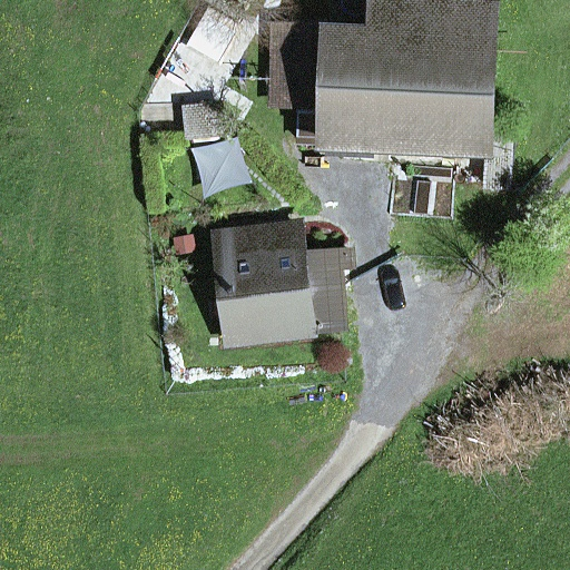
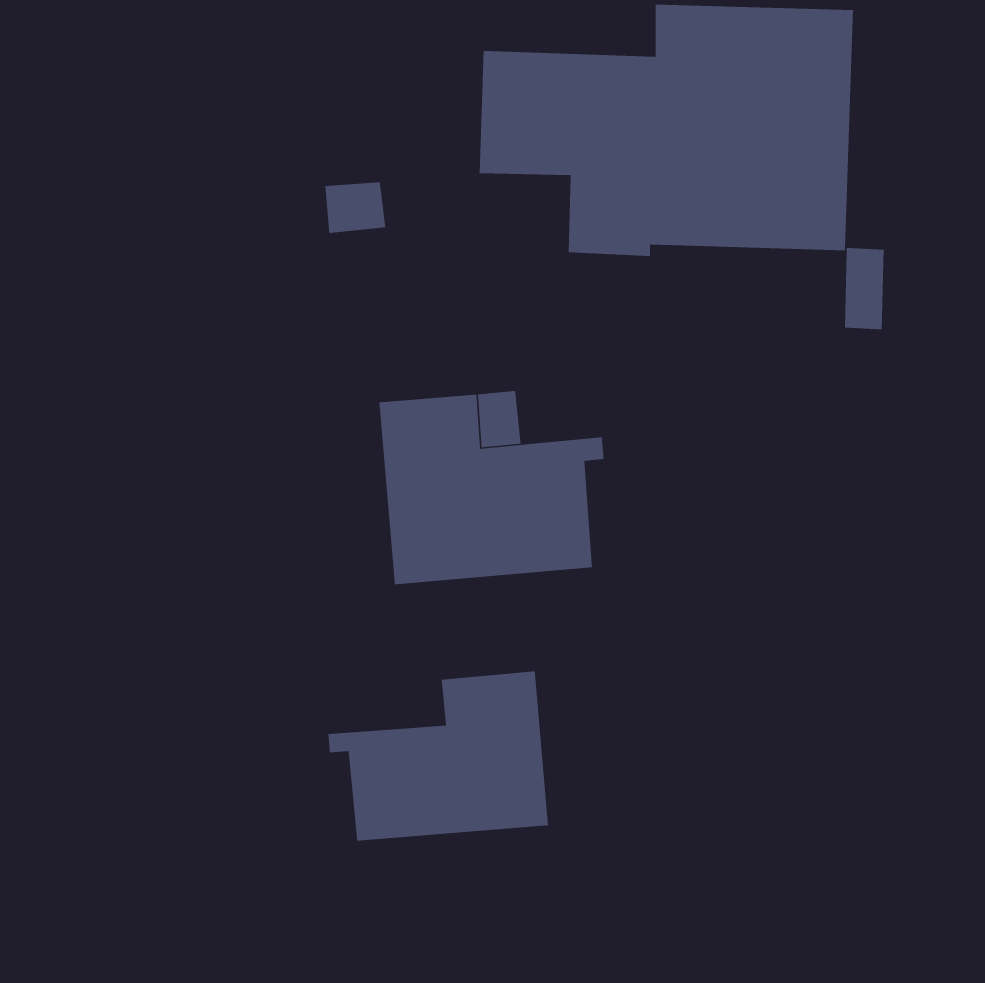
building: none -> [328,671,549,842]

